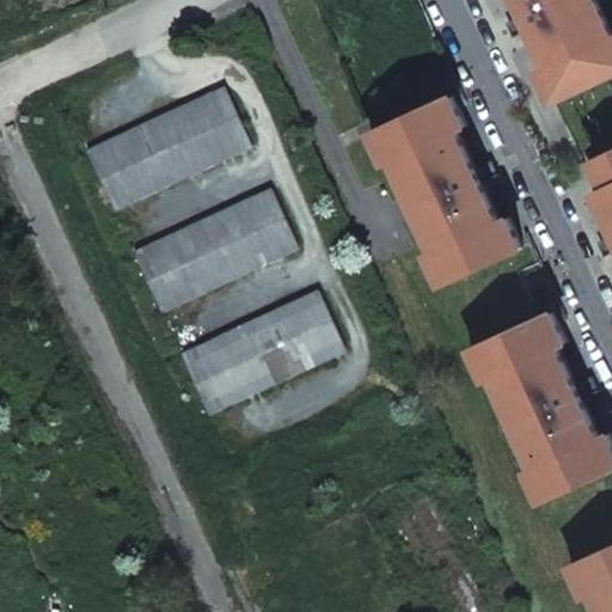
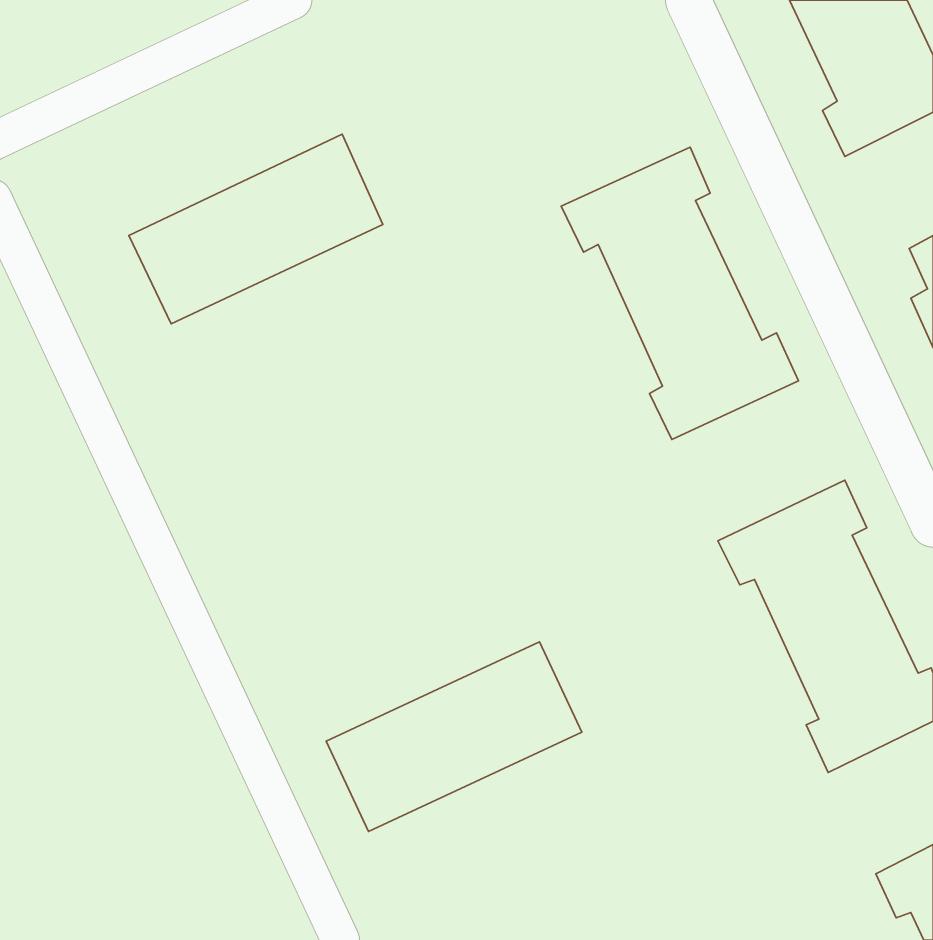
building: [130,189,296,312] -> none
building: [178,290,344,414] -> [326,642,582,831]

